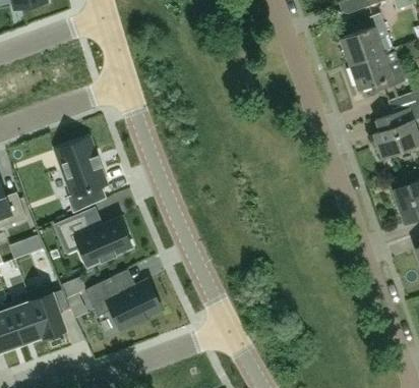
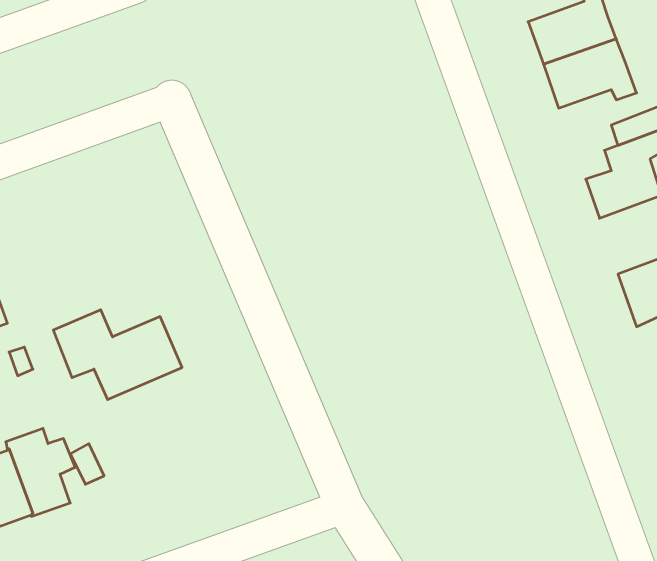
building: [56,138,105,213] -> none
building: [85,277,161,329] -> none

